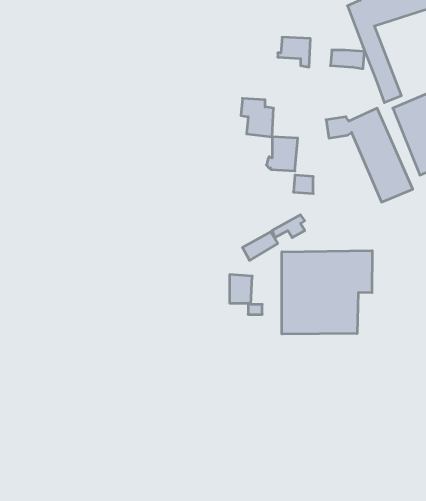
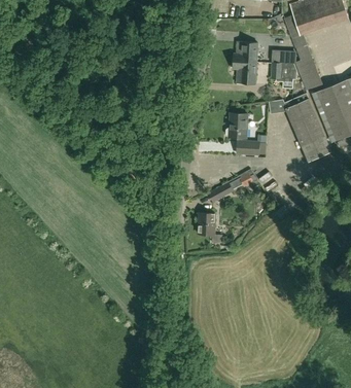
building: none -> [270,62,295,89]
building: [241,98,274,137] -> [232,56,255,83]
building: [282,251,372,334] -> none

